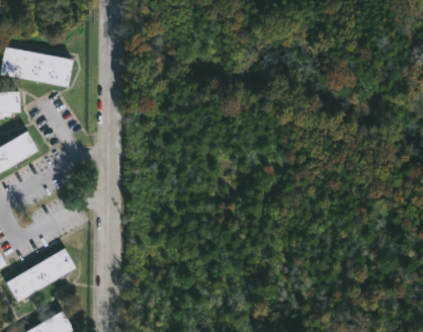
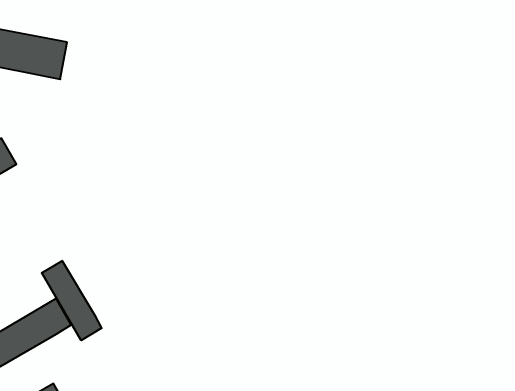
building: none -> [42,261,102,340]

